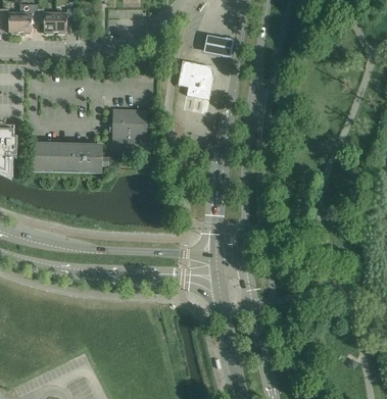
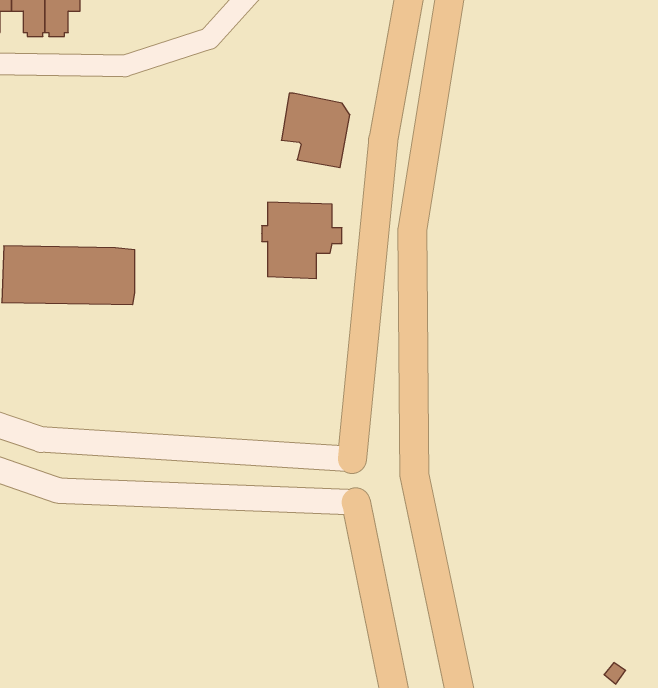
building: [202,36,233,59] -> none
building: [109,109,151,149] -> [262,202,342,279]

